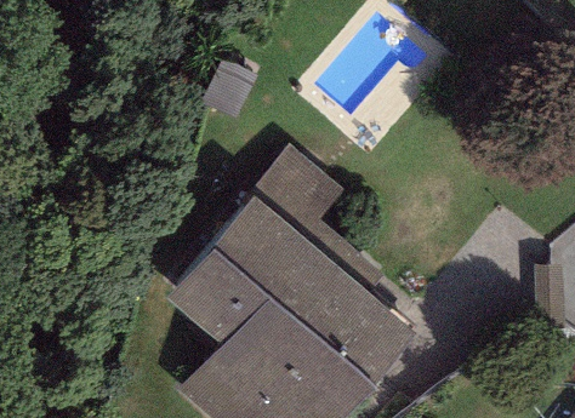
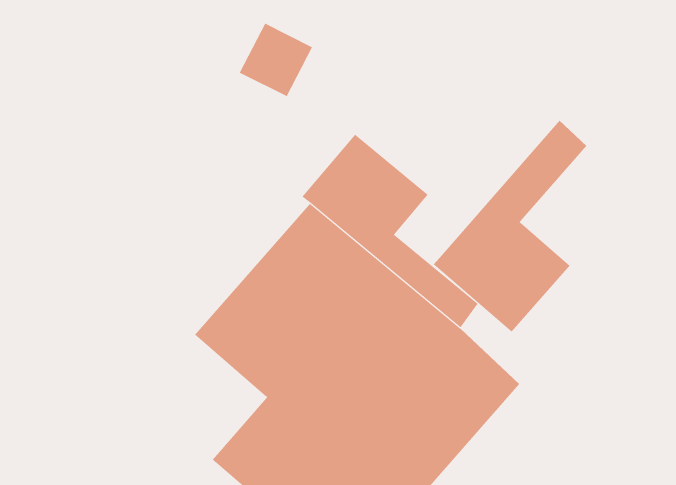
building: none -> [433,120,587,333]

